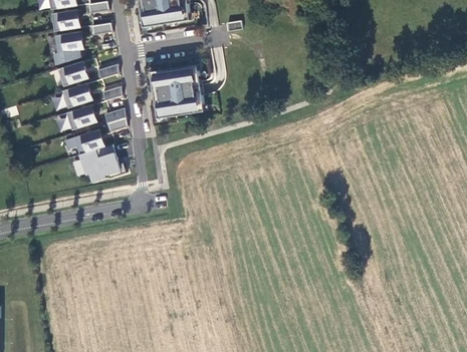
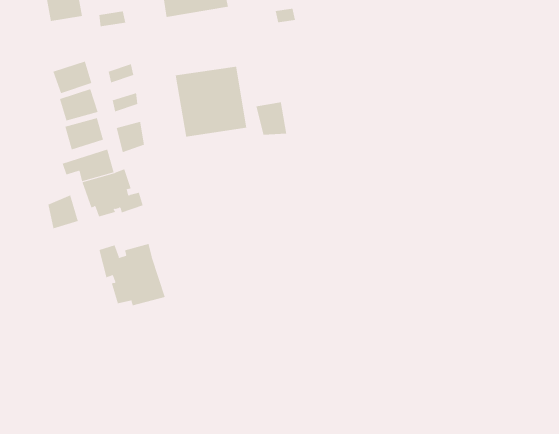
building: [51,31,82,63] -> none
building: none -> [256,101,287,136]
building: none -> [48,195,79,229]
building: none -> [99,243,165,306]

